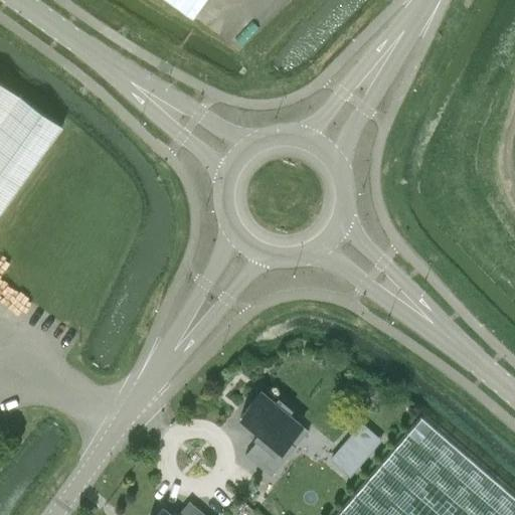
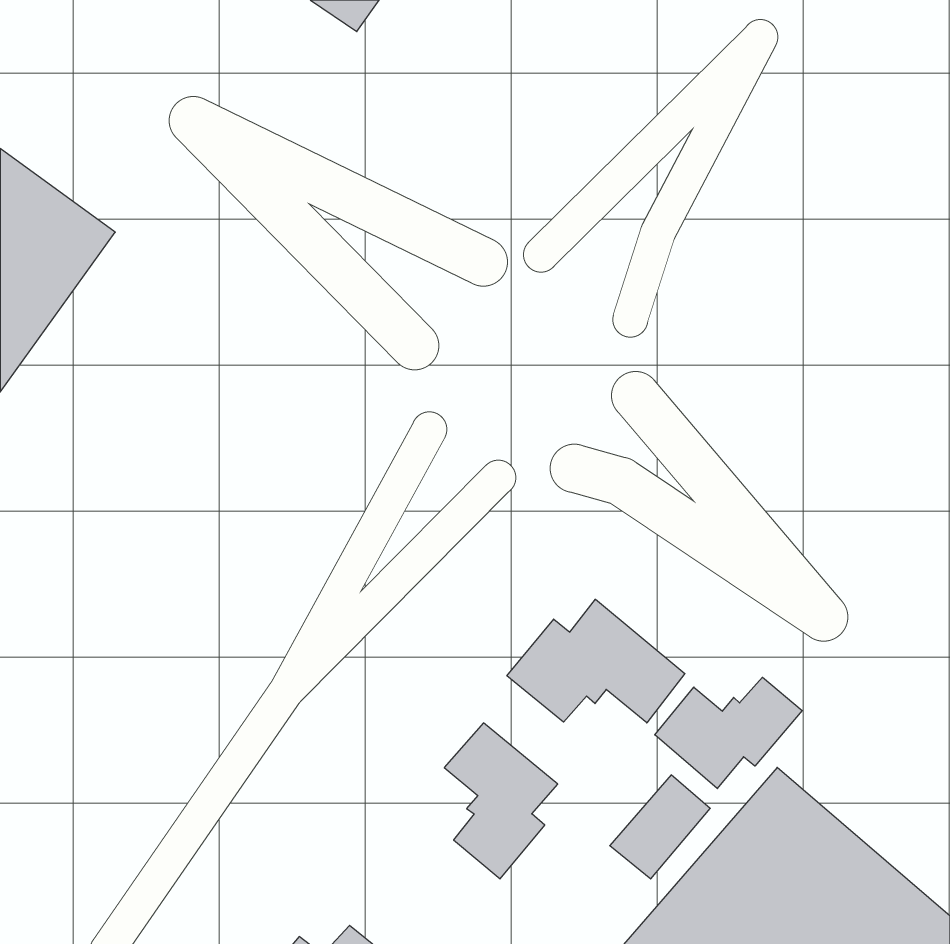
building: none -> [507,599,685,723]
building: none -> [655,677,802,789]

